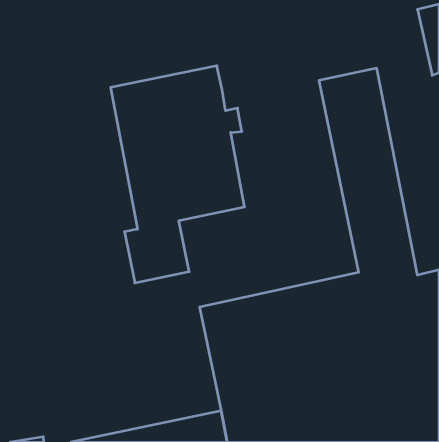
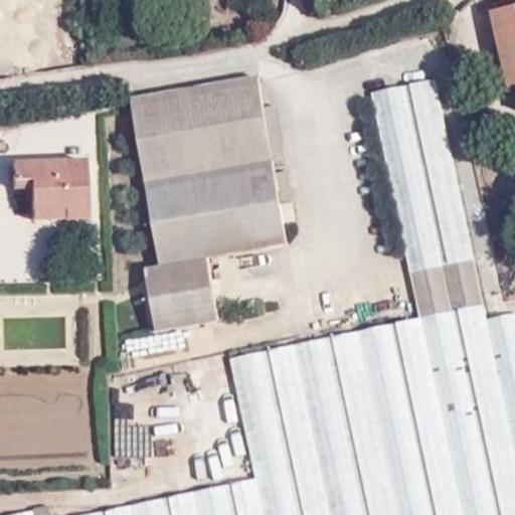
building: none -> [11,160,89,220]

